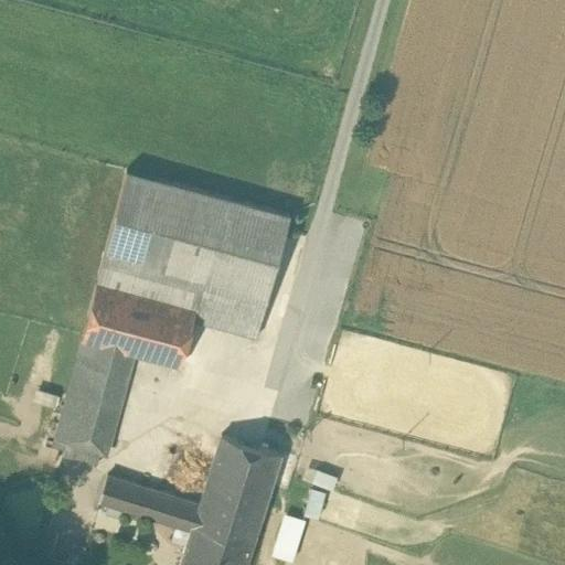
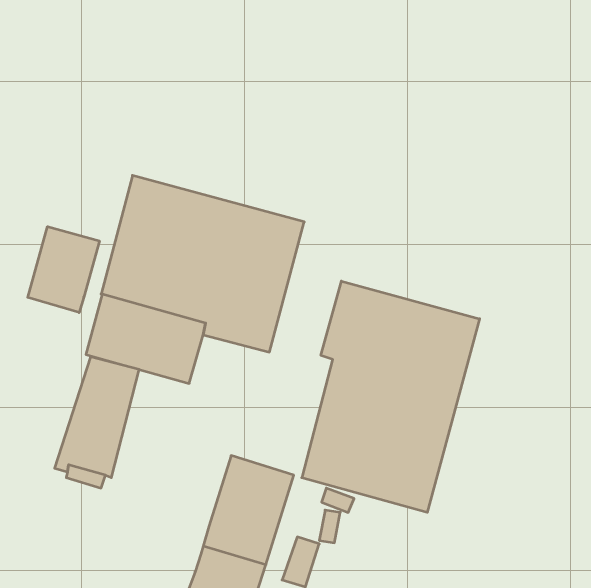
building: none -> [28,227,99,313]
building: none -> [302,281,480,512]
building: [100,479,201,532] -> none

